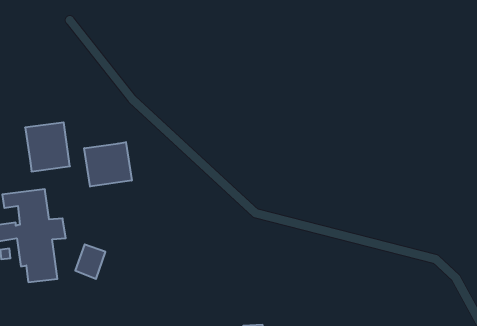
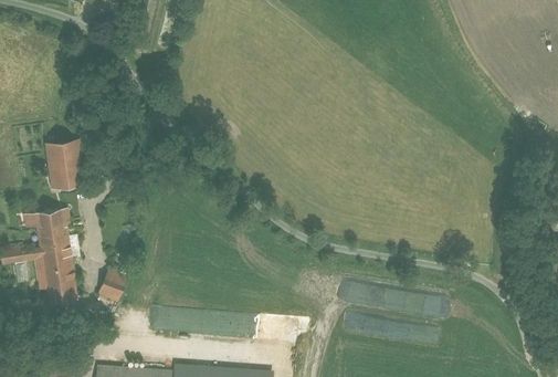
building: [84,142,132,187] -> none

